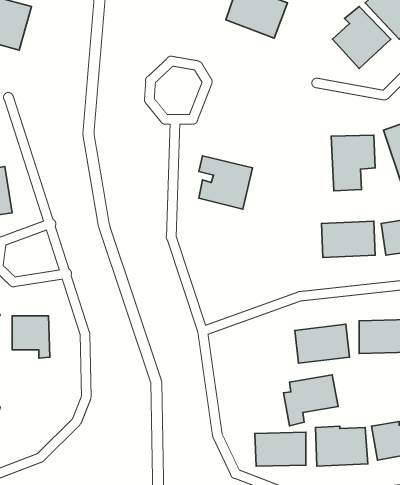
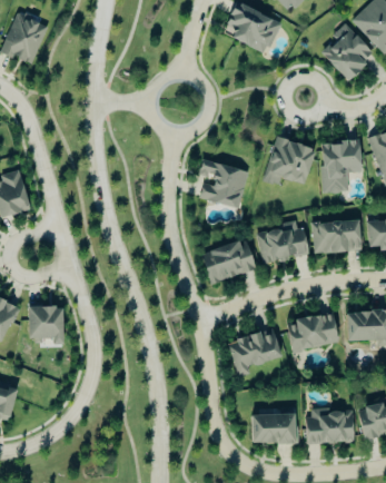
building: none -> [263,137,315,184]
building: none -> [256,218,307,264]
building: none -> [200,238,255,284]
building: [284,375,338,426] -> [230,329,280,376]

